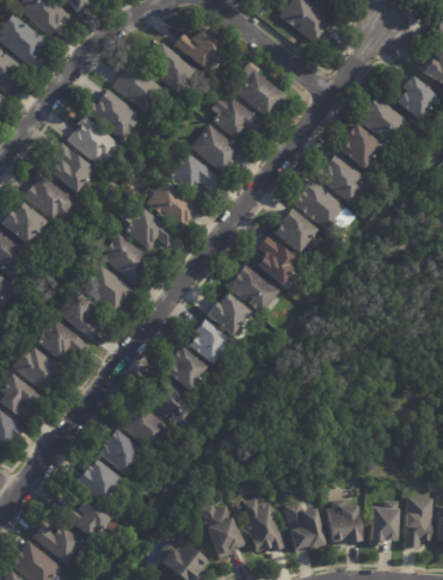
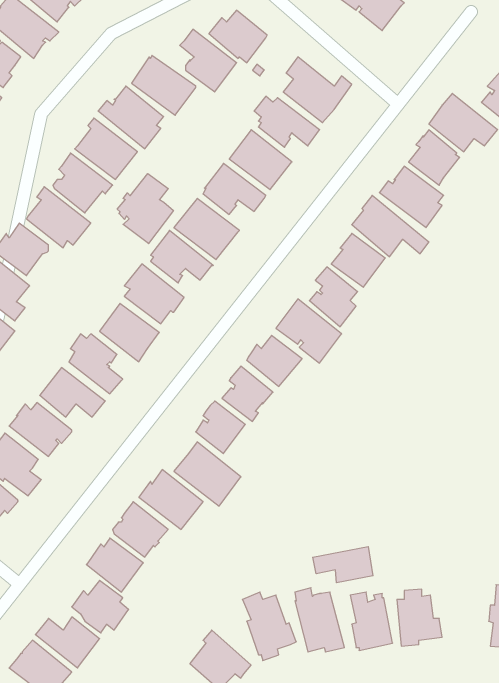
building: none -> [117,174,173,244]
building: none -> [313,547,373,583]
building: [367,499,400,545] -> none

